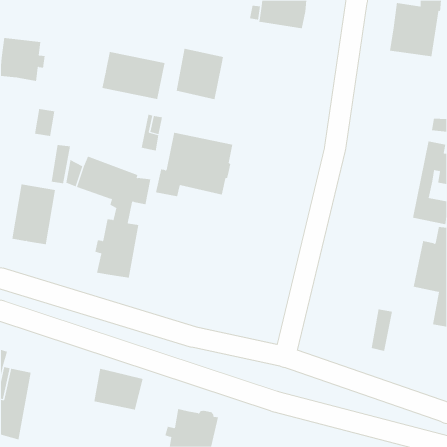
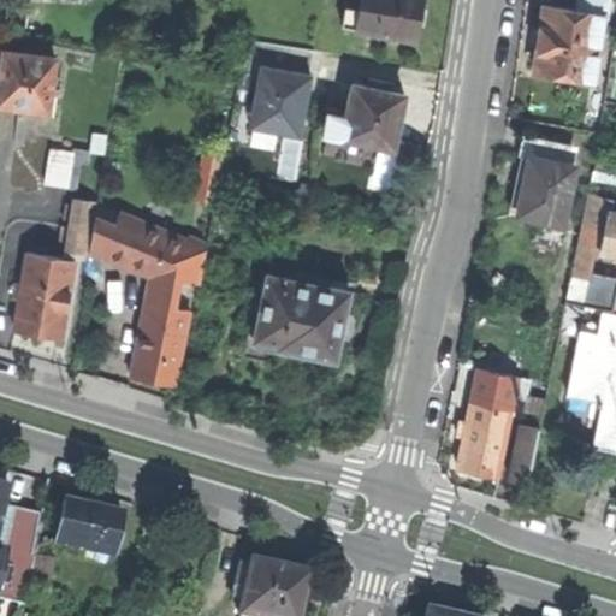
building: [102,51,165,100] -> none
building: none -> [327,83,408,148]
building: none -> [520,136,576,230]
building: [155,132,233,197] -> [244,273,351,362]
building: none -> [458,372,520,476]
building: [93,368,143,410] -> [55,497,124,555]

